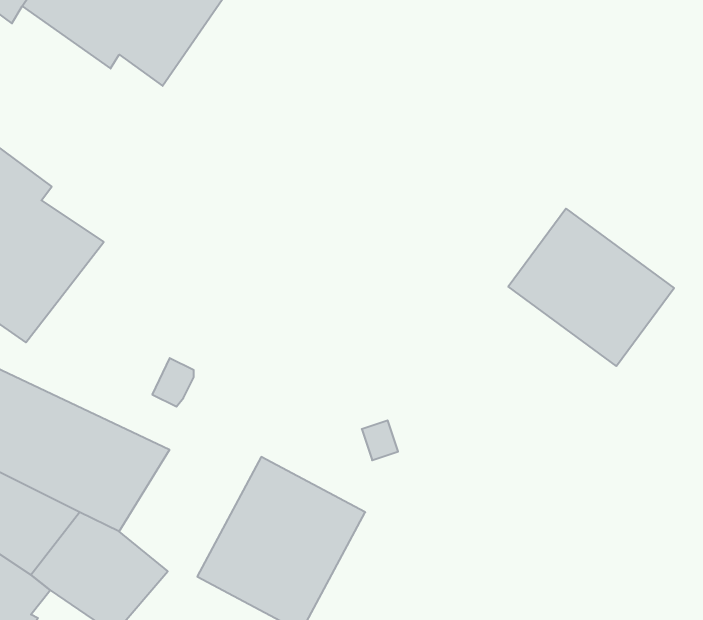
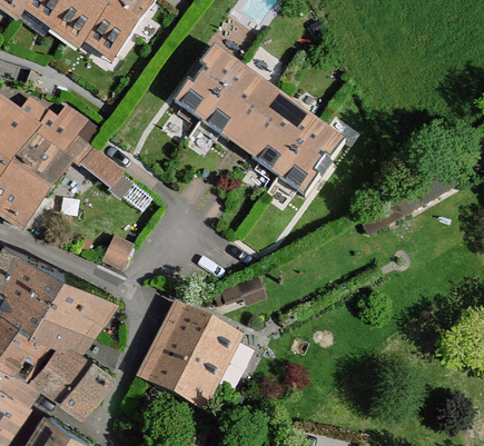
building: none -> [172,46,345,197]
building: none -> [34,106,125,187]
building: [508,209,674,366] -> none

